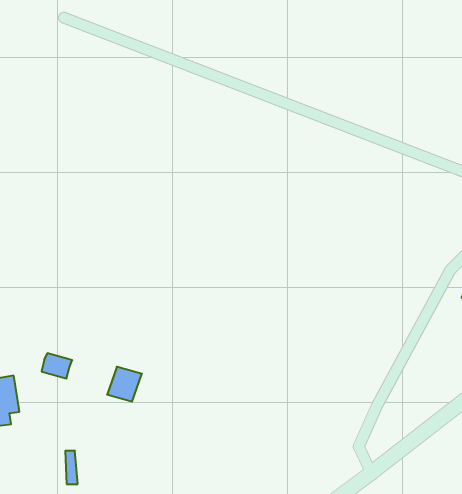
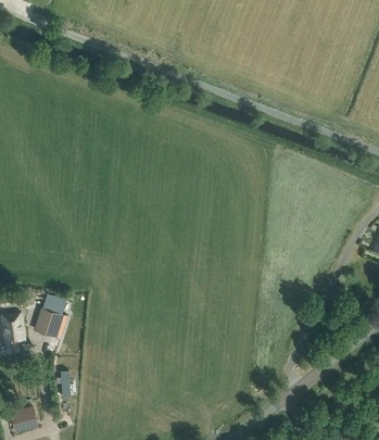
building: [107,367,142,402] -> [34,309,61,336]

